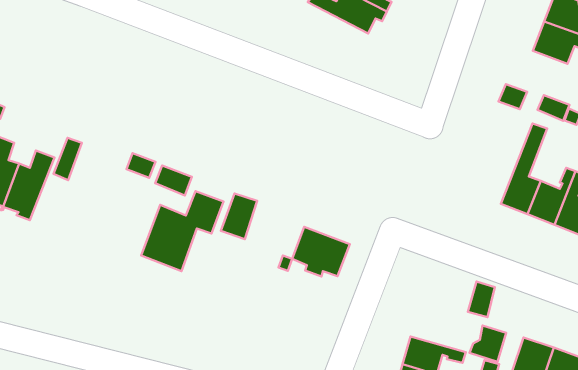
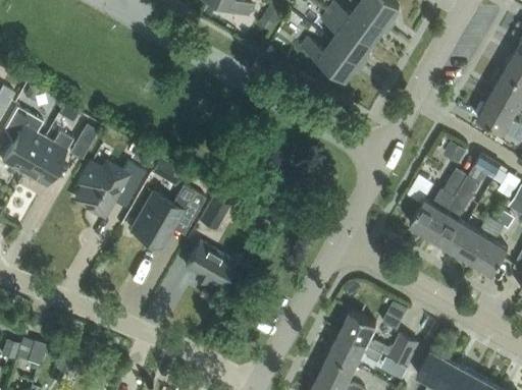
building: none -> [409,170,467,238]
building: none -> [76,163,146,216]
building: [292,227,350,276] -> [186,242,234,287]
building: none -> [338,312,385,354]

